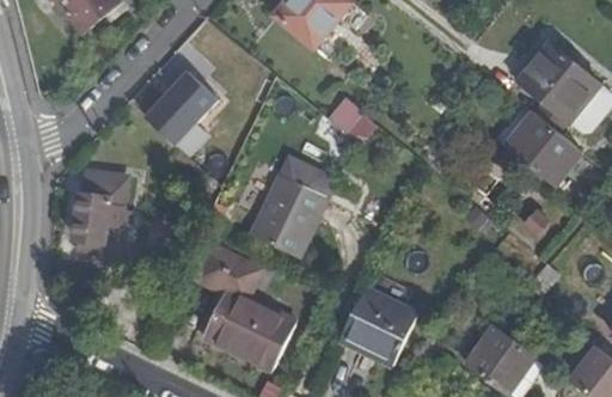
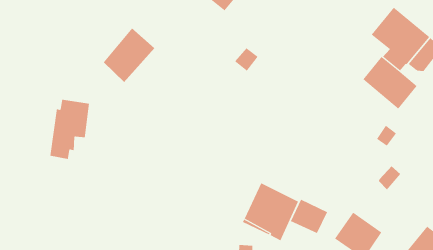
building: [252,161,326,255] -> none
building: [198,248,294,365] -> none
building: none -> [290,199,328,234]

